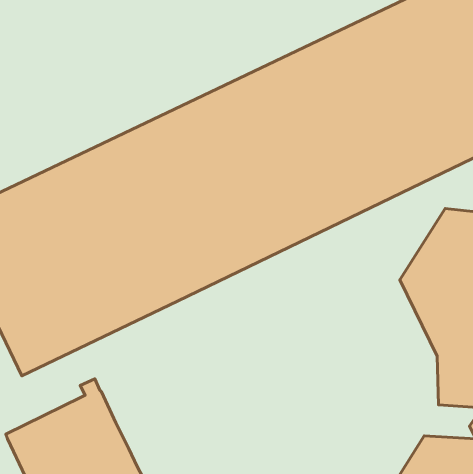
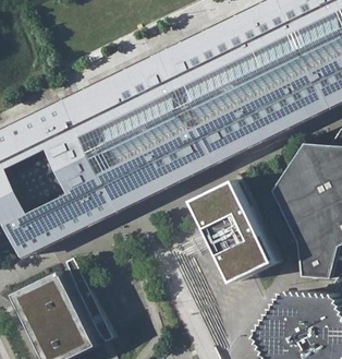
building: none -> [190,179,270,280]

